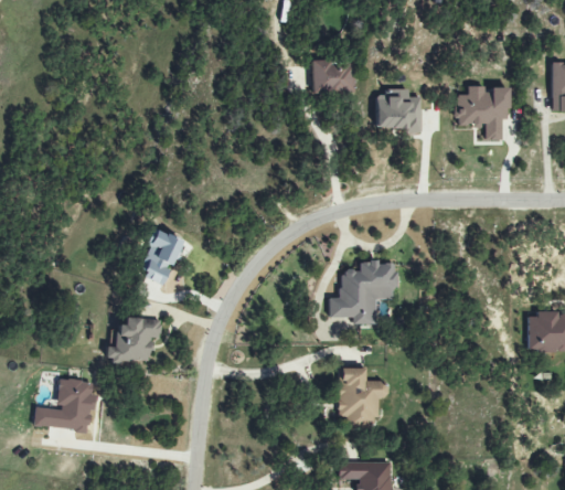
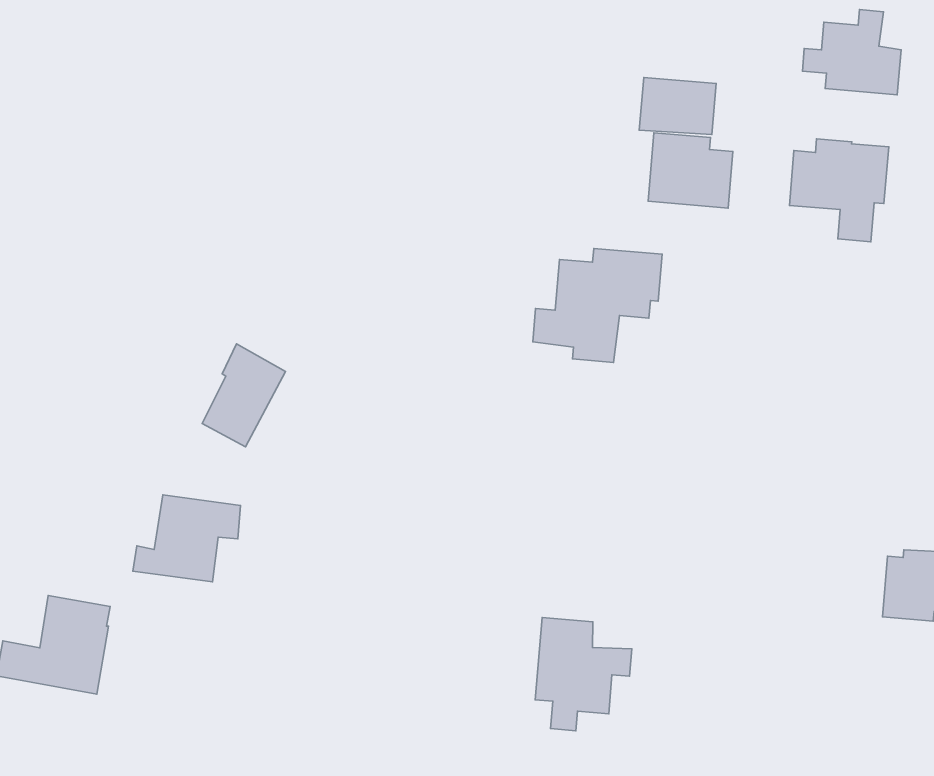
building: none -> [802,10,901,95]
building: [312,62,353,92] -> [639,77,716,134]
building: [329,262,397,324] -> [533,248,662,362]

